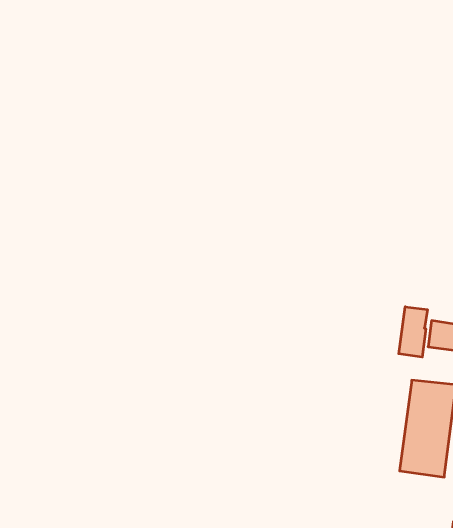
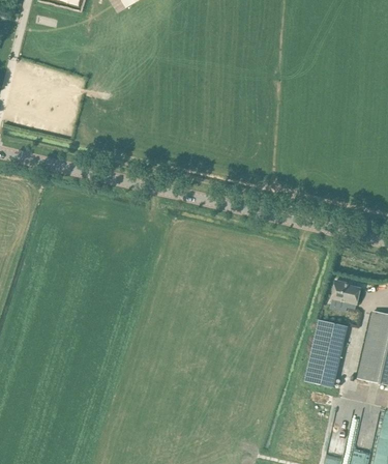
building: [399,307,427,357] -> none

